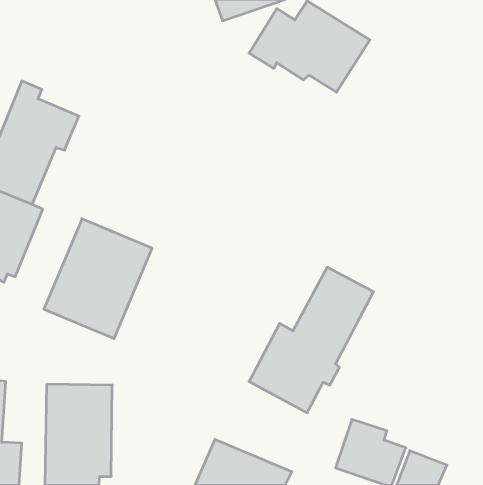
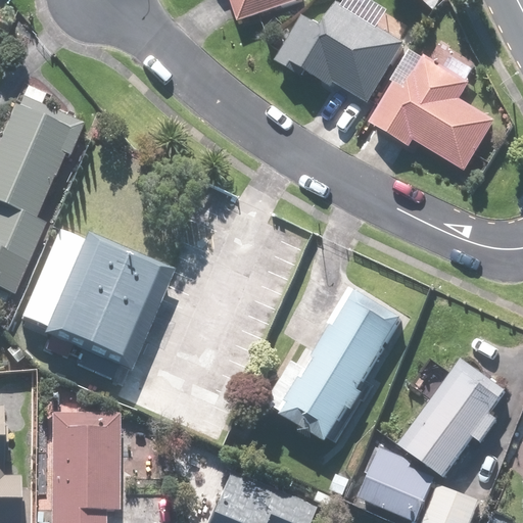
building: none -> [369,42,495,173]
building: none -> [20,231,85,332]
building: none -> [399,359,508,479]

